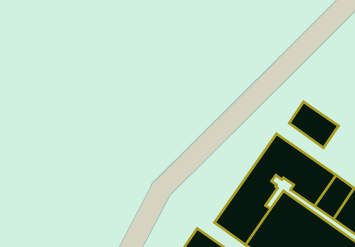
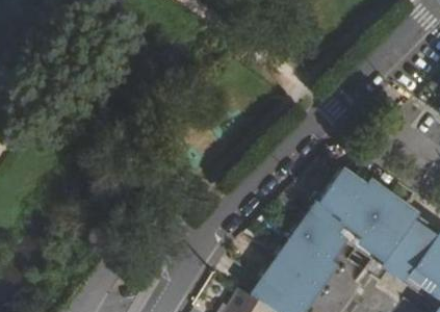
building: [289,102,339,148] -> none

